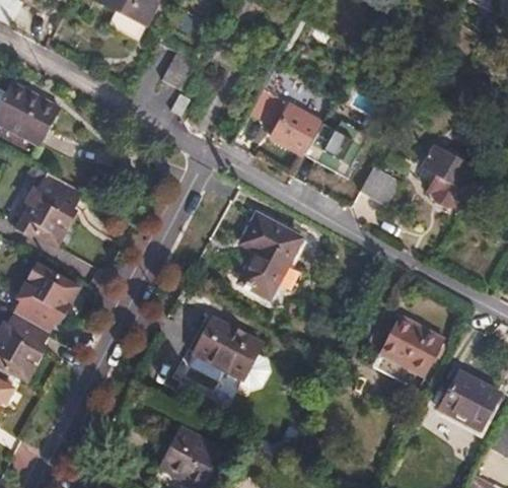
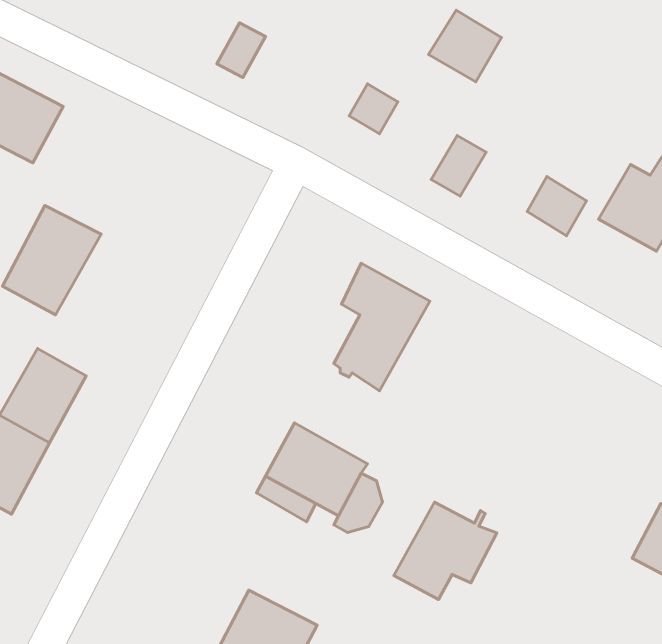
building: [272,109,320,156] -> [429,10,502,82]
building: [377,312,444,379] -> none
building: none -> [394,502,497,599]

